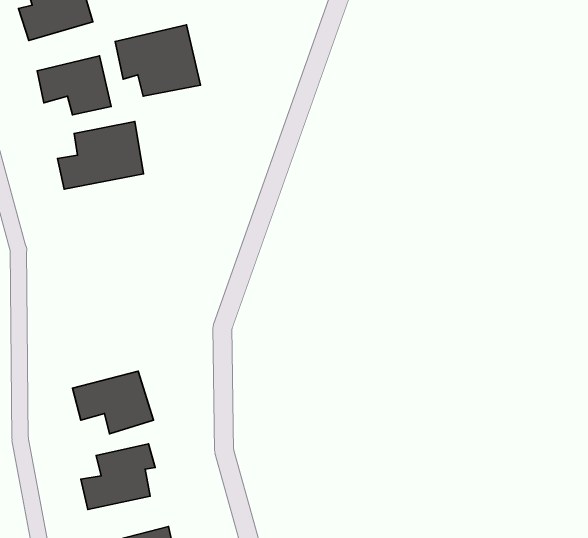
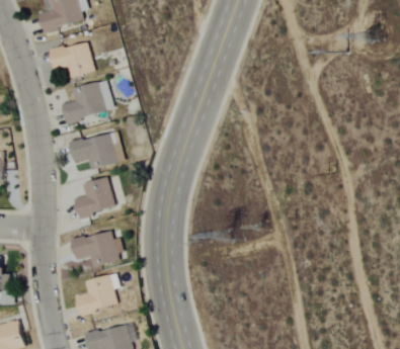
building: [115,25,201,96] -> none
building: none -> [69,132,119,169]
building: none -> [73,177,115,217]

